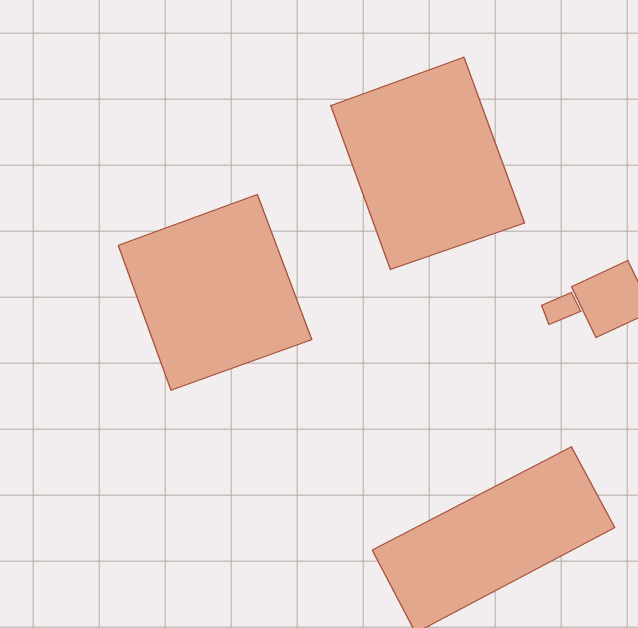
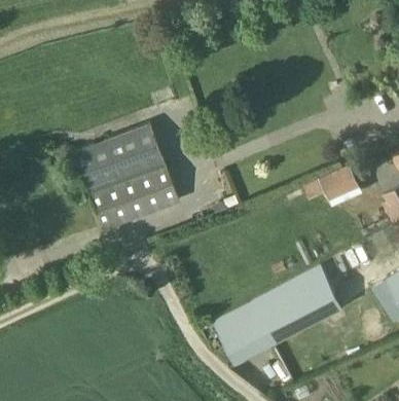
building: [331,57,525,270] -> none

